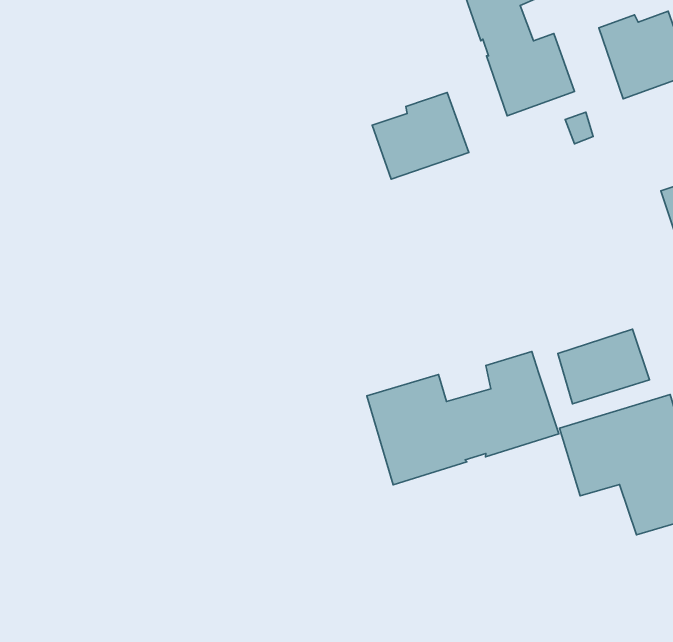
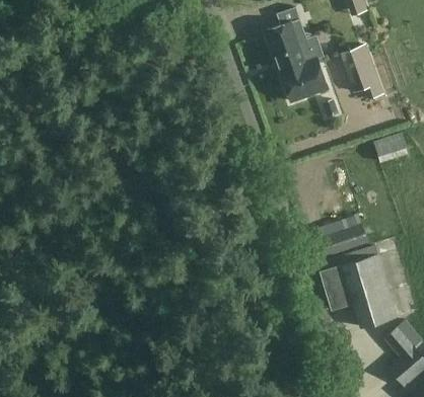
building: [372,92,469,179] -> none
building: [367,352,559,485] -> none

